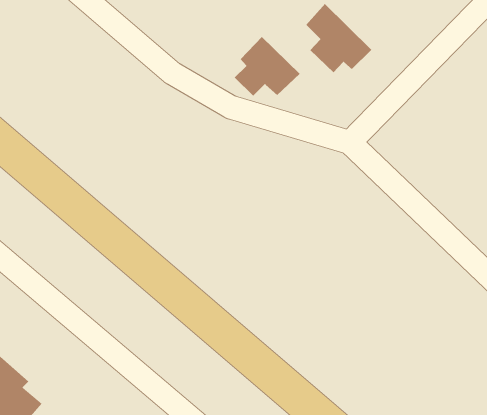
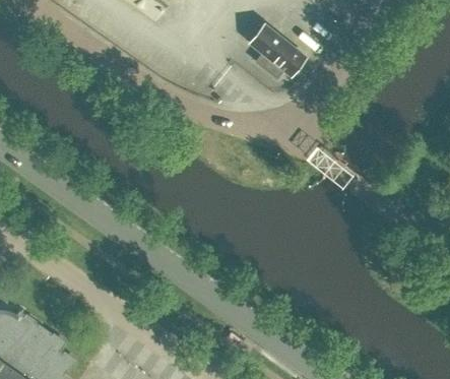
building: [234,36,300,96] -> none

